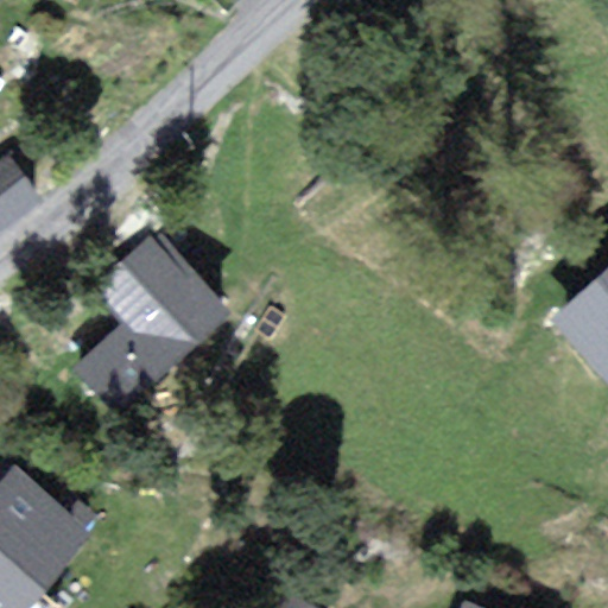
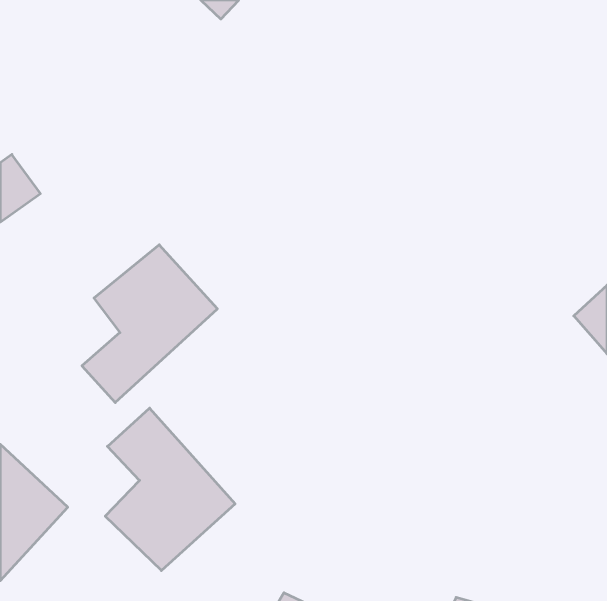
building: none -> [105,408,235,571]

